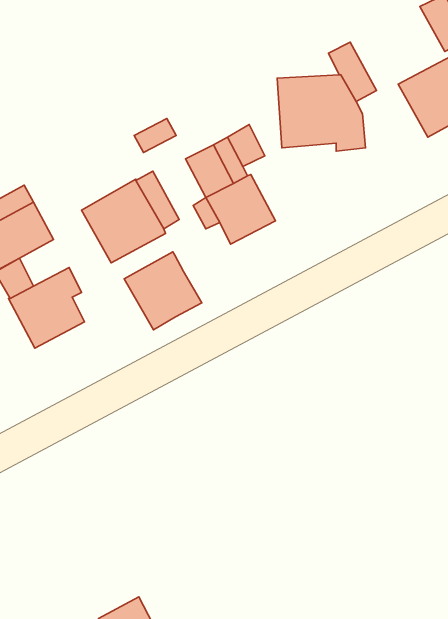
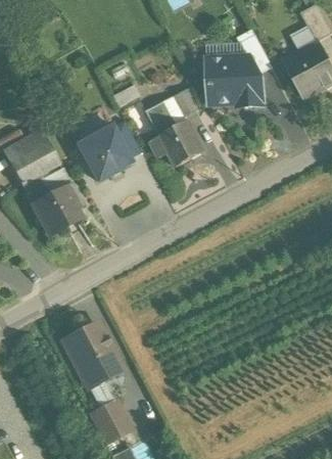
building: [124,252,202,330] -> none
building: none -> [64,326,121,386]

